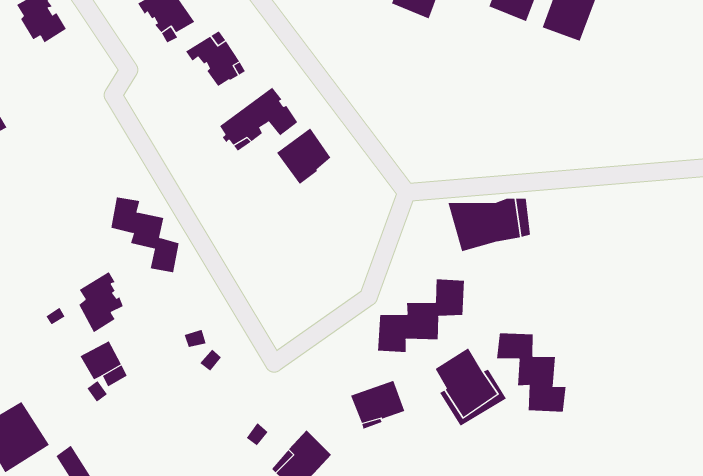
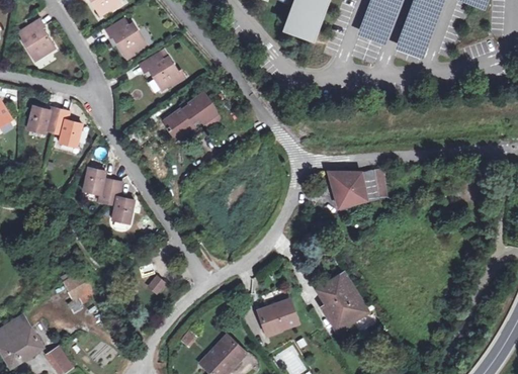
building: none -> [27,107,82,148]
building: [276,127,331,185] -> none
building: [78,271,124,333] -> none
building: [378,278,465,353] -> none
building: [497,332,566,413] -> none

